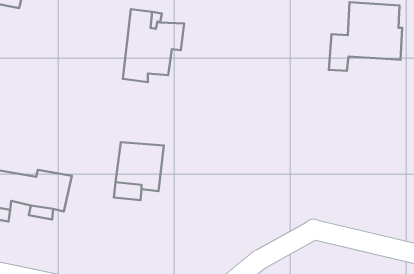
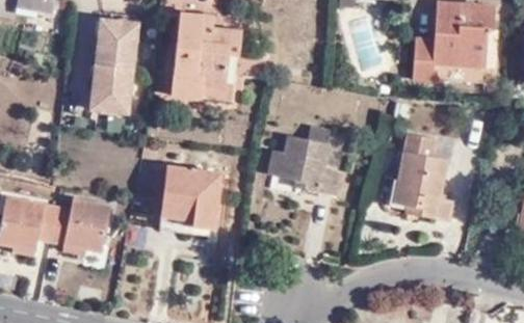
building: none -> [88,18,134,111]
building: none -> [266,126,338,195]
building: none -> [394,133,450,220]

